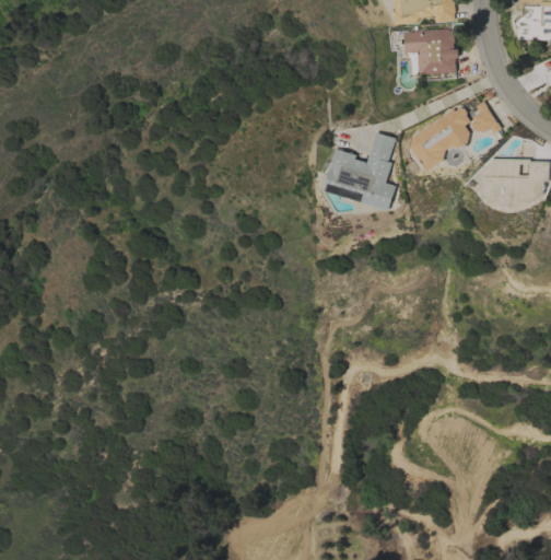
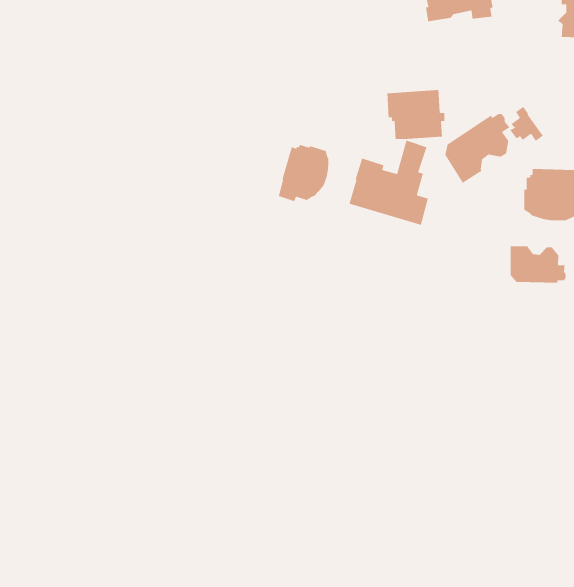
building: [405,28,458,74] -> [386,89,445,140]
building: none -> [278,144,329,202]
building: none -> [510,245,566,284]

